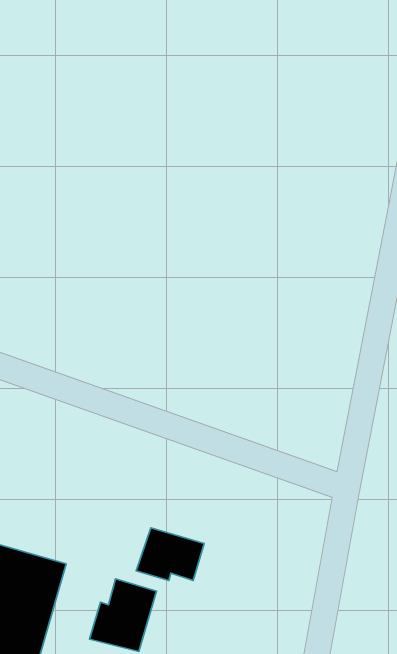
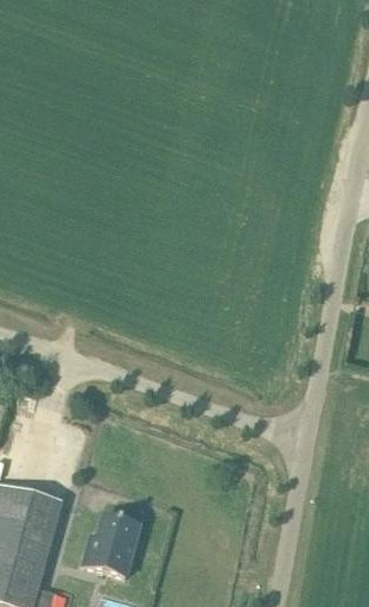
building: [136,528,204,581] -> none

